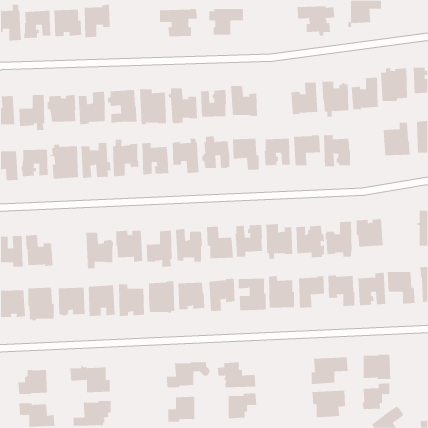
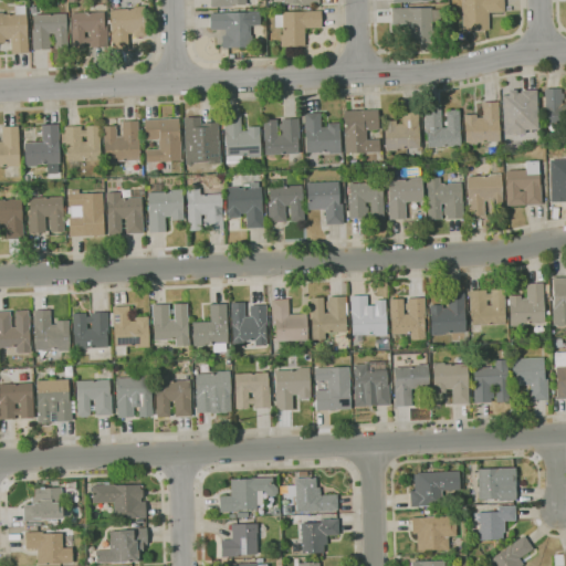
building: none -> [343,109,380,154]
building: none -> [467,174,503,217]
building: none -> [506,283,544,326]
building: none -> [73,313,108,348]

